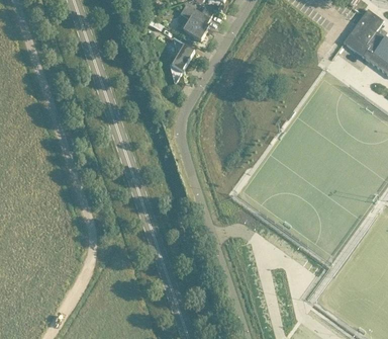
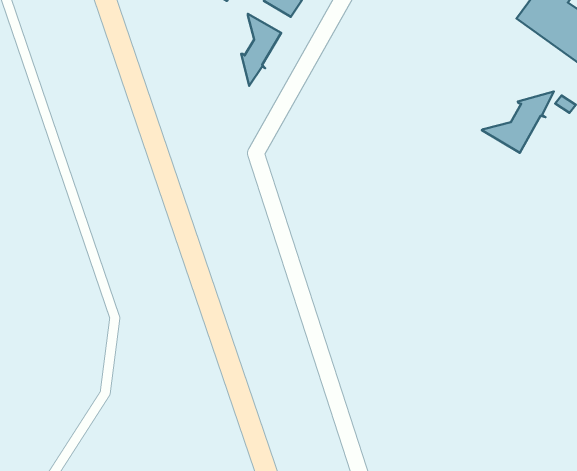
building: none -> [482,92,554,153]

